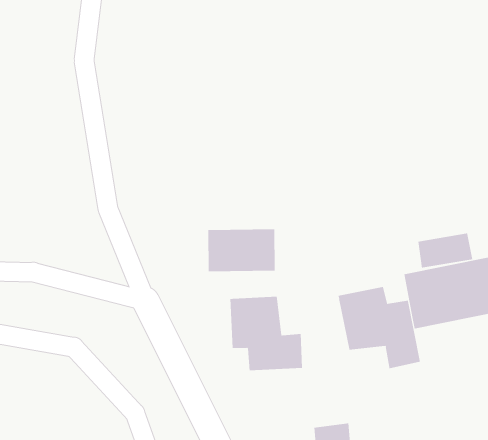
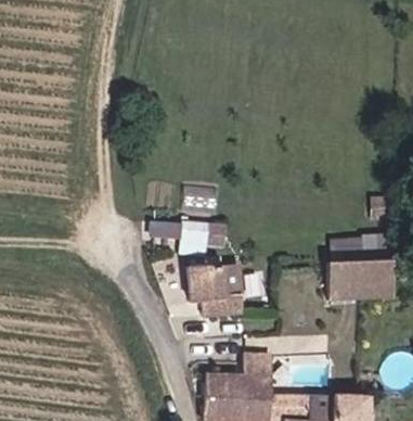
building: [338,286,421,369] -> none

